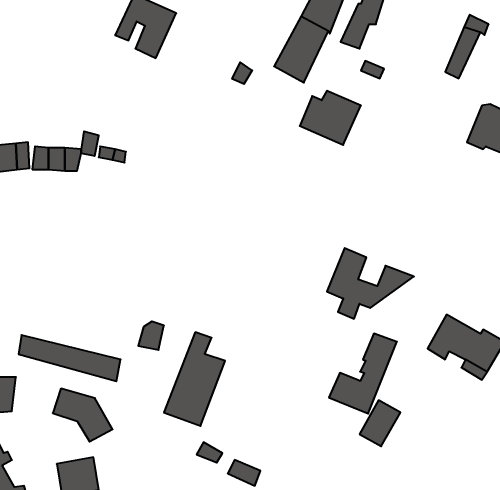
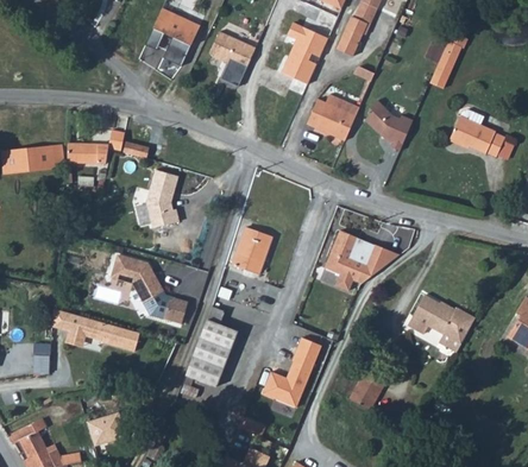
building: none -> [208,31,252,74]
building: none -> [359,106,407,156]
building: none -> [146,170,178,228]
building: none -> [231,229,270,276]
building: [329,334,397,414] -> [262,335,321,405]
building: [53,389,113,442] -> [109,257,162,303]

